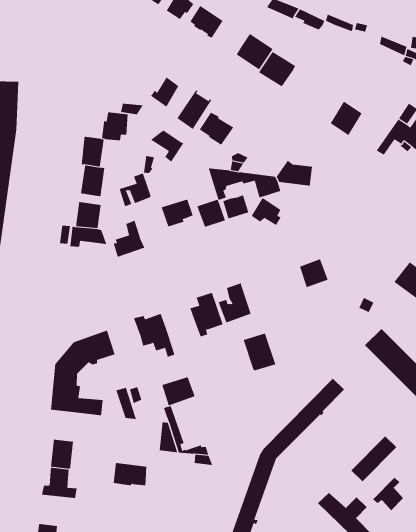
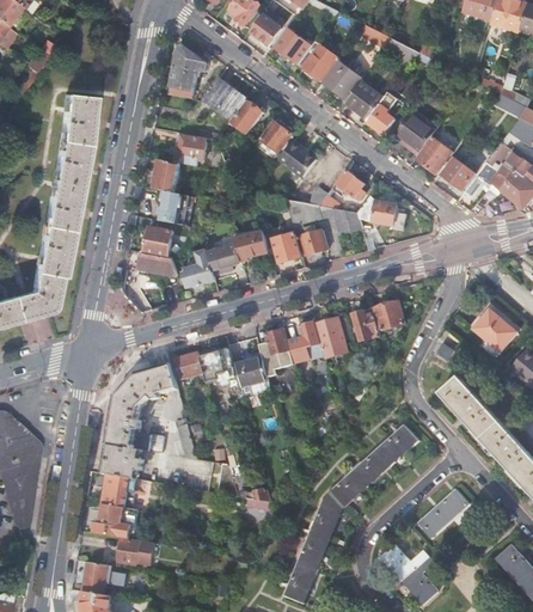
building: none -> [299,42,339,81]
building: none -> [169,45,206,99]
building: none -> [203,79,246,120]
building: none -> [368,92,405,135]
building: none -> [397,114,435,151]
building: none -> [442,159,474,190]
building: [150,130,184,162] -> none
building: [119,173,151,207] -> [208,235,241,270]
building: [251,197,282,226] -> [332,170,364,201]
building: none -> [354,308,381,342]
building: none -> [176,353,206,379]
building: [243,333,276,371] -> [315,318,349,357]
building: [161,376,195,406] -> [234,357,269,387]
building: none -> [103,443,143,479]
building: [113,463,147,486] -> [118,539,155,565]
building: [372,477,404,511] -> none

